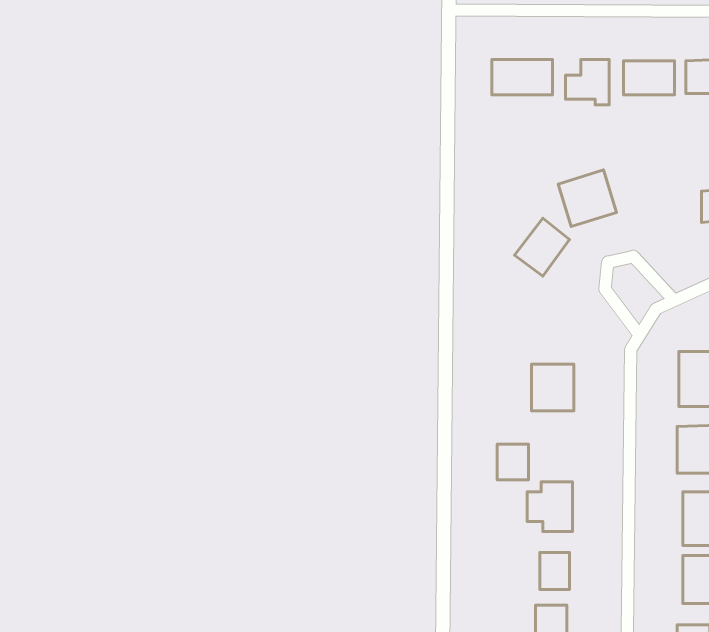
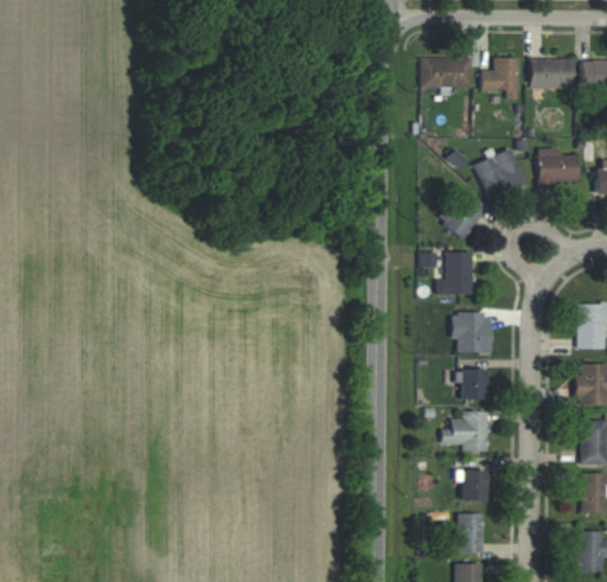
building: none -> [539,151,579,183]
building: none -> [421,252,472,294]
building: [497,444,528,480] -> [460,370,486,399]

